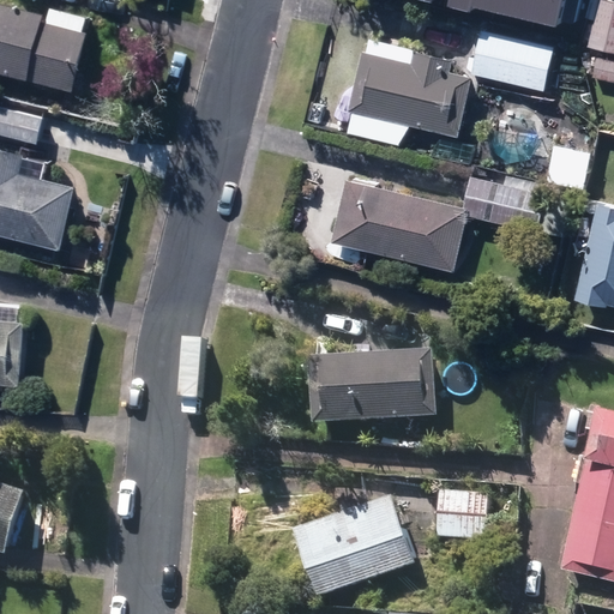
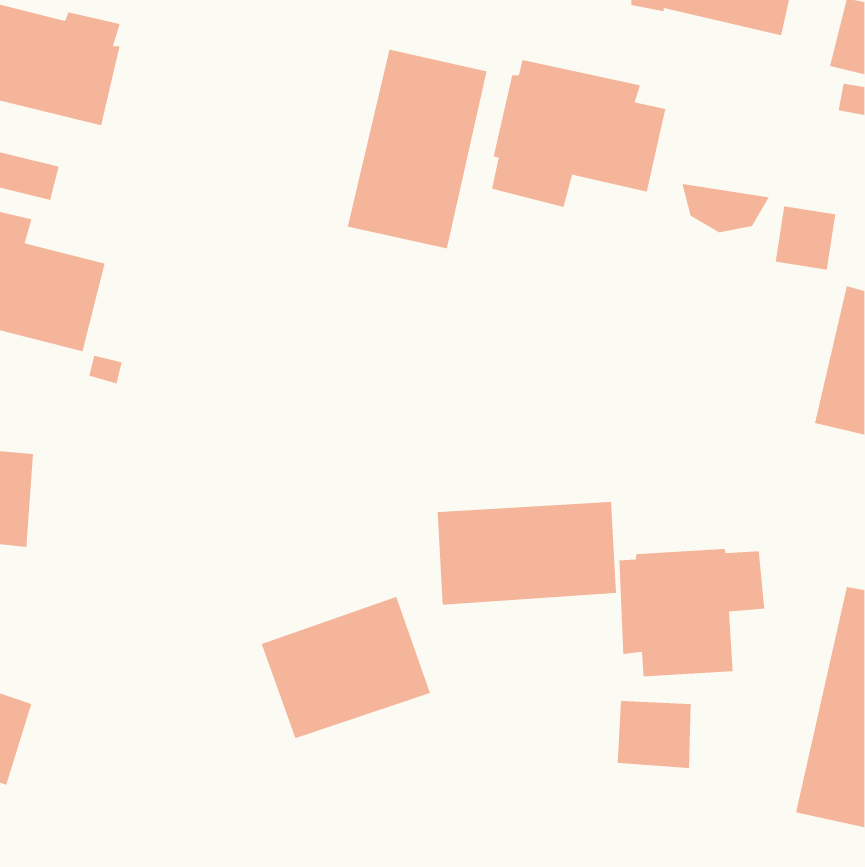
building: [469,29,553,90] -> none
building: none -> [347,49,487,249]
building: [332,177,544,271] -> none
building: none -> [619,548,765,677]
building: [294,499,414,600] -> [261,596,431,739]

